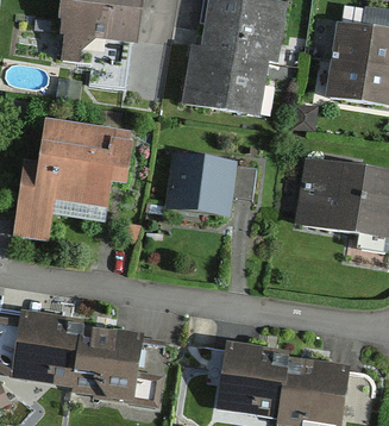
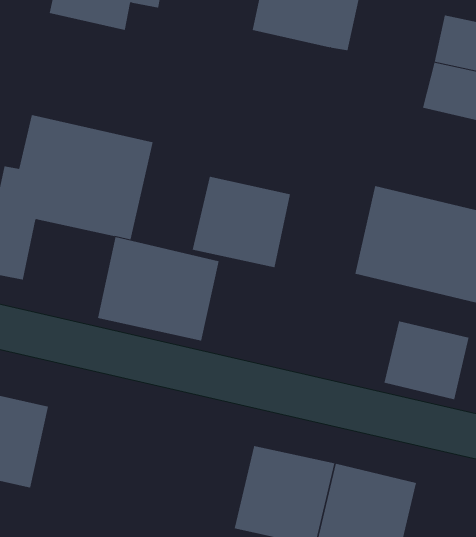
building: [181,44,257,108] -> none
building: none -> [384,320,469,400]
building: [67,327,151,397] -> [97,237,219,341]

